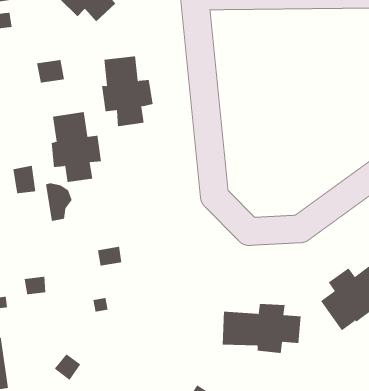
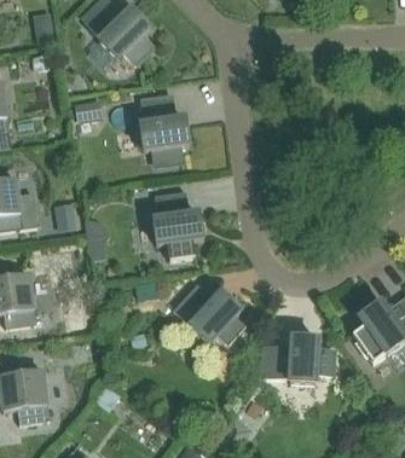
building: [51,112,102,183] -> [154,191,203,260]
building: none -> [175,284,245,348]

